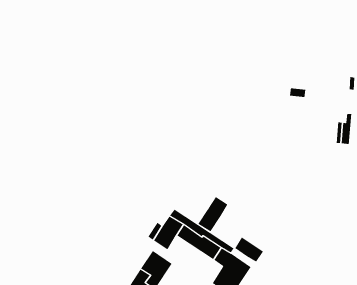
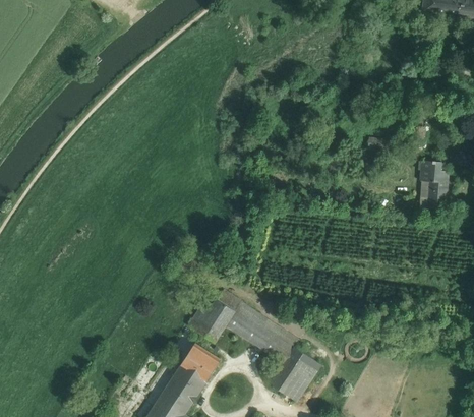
building: none -> [420,160,441,182]
building: [198,196,228,232] -> none
building: [234,236,264,262] -> none

